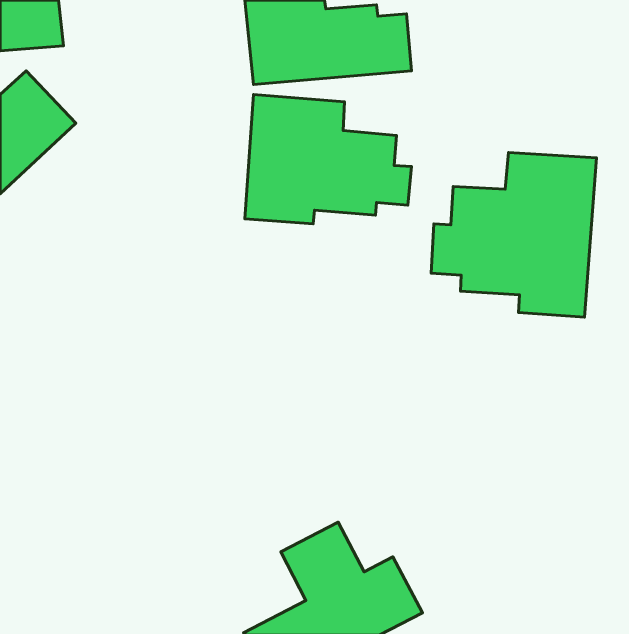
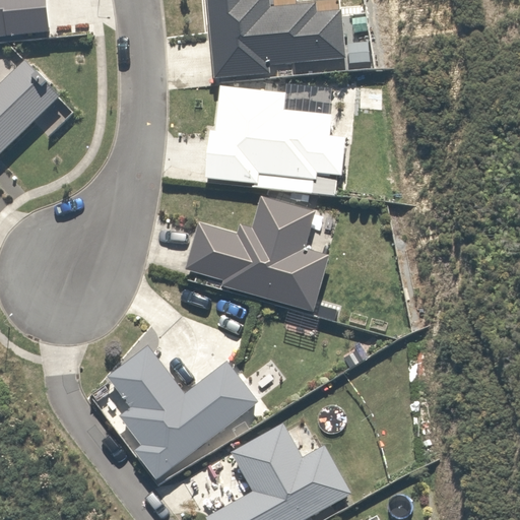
building: [431,153,597,317] -> none
building: none -> [178,200,325,305]
building: none -> [114,347,257,473]

